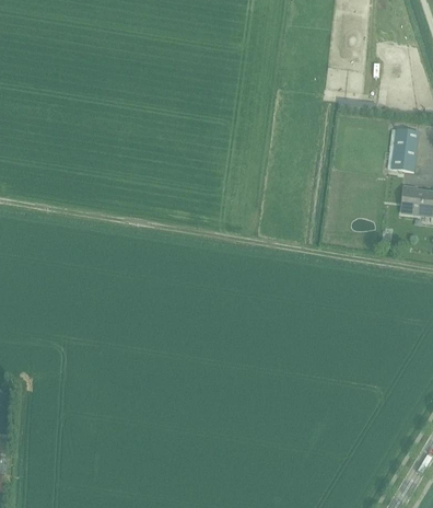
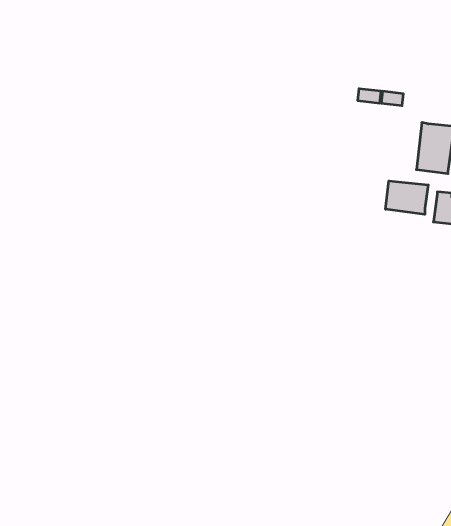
building: none -> [386,181,428,214]

